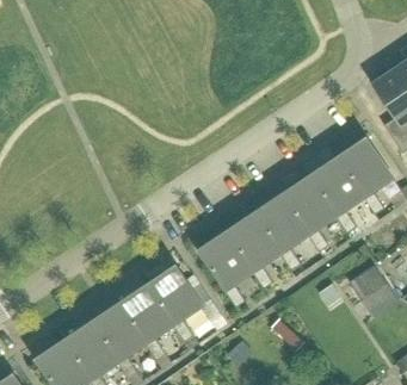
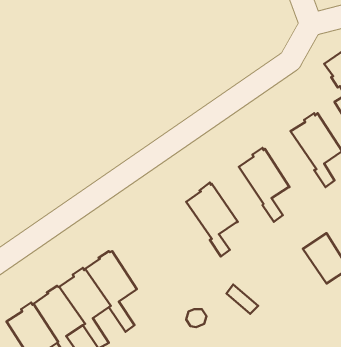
building: [310,155,365,232] -> none
building: [254,192,309,269] -> none
building: [198,229,254,308] -> none
building: [148,263,203,349] -> none

